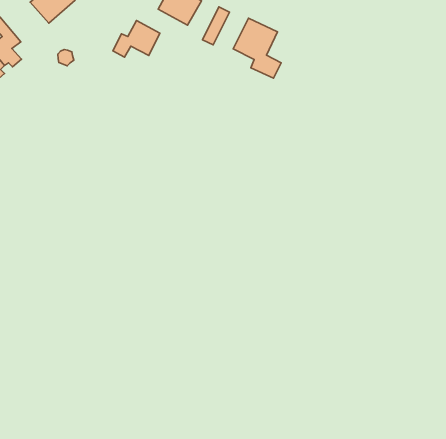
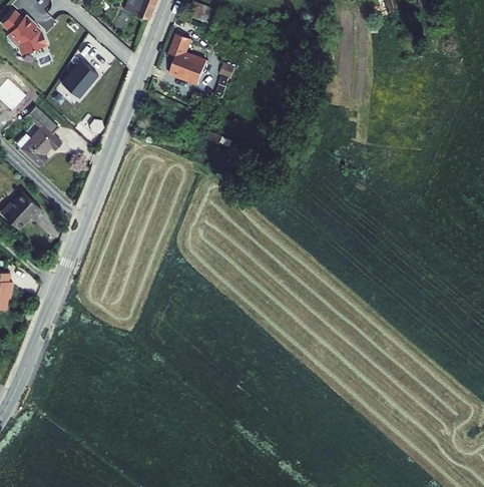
building: [233,18,281,78] -> none
building: [113,21,160,57] -> none

